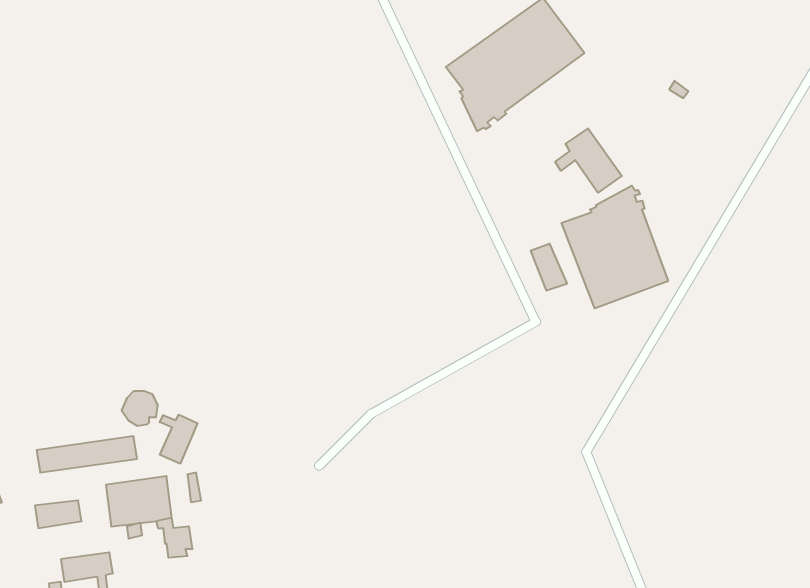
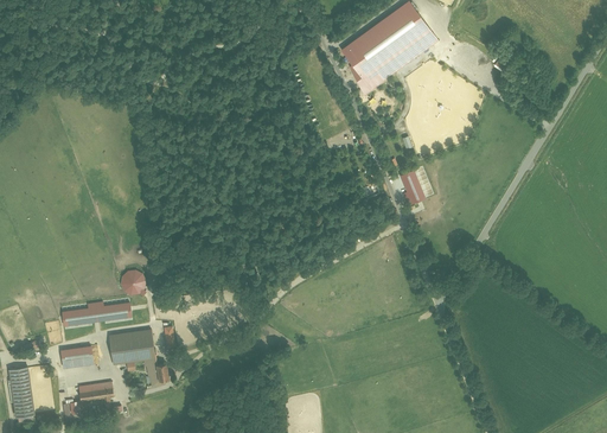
building: [555,128,622,193] -> none
building: [561,186,668,308] -> none
building: [160,415,197,464] -> none

